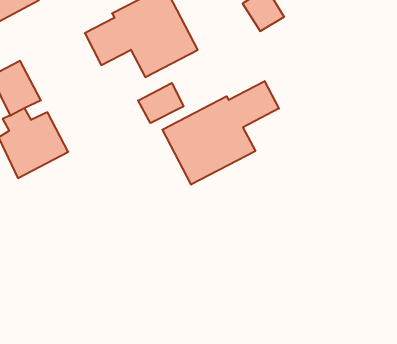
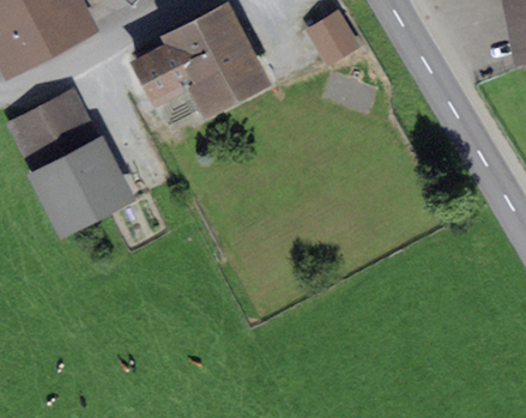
building: [162,81,279,185] -> none
building: [138,83,183,123] -> none

